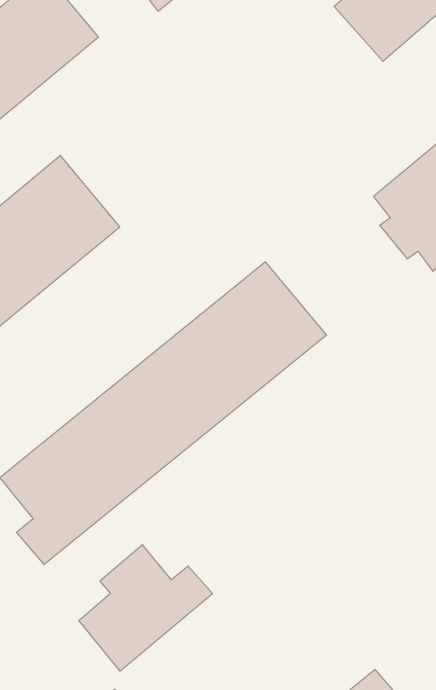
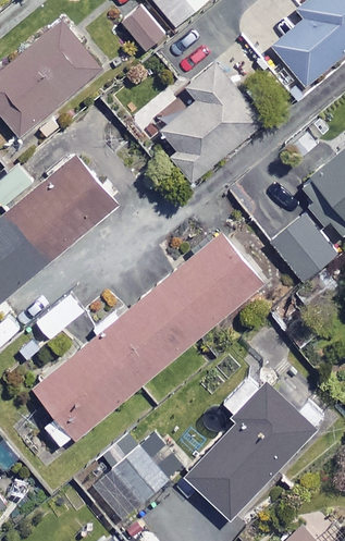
building: none -> [159,50,267,182]
building: none -> [264,209,335,281]
building: none -> [184,370,315,519]

